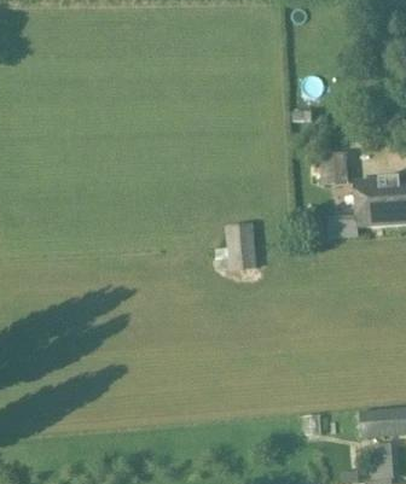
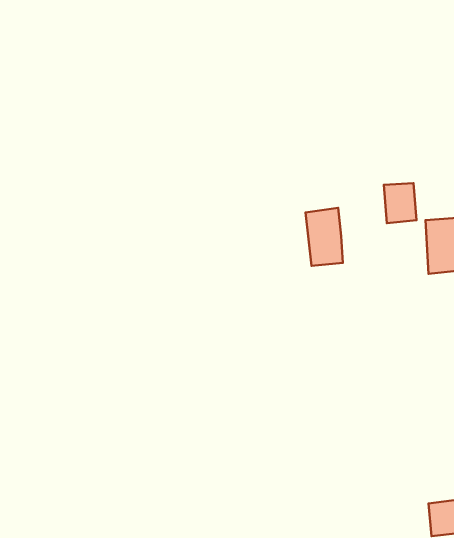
building: [227,222,257,269] -> [306,208,343,266]

